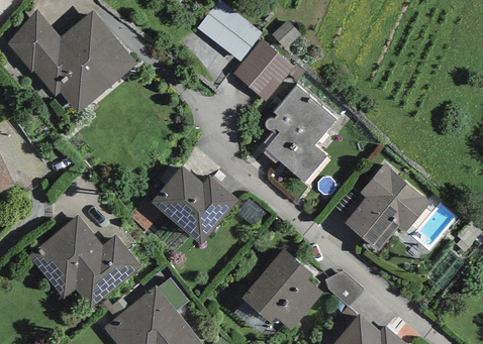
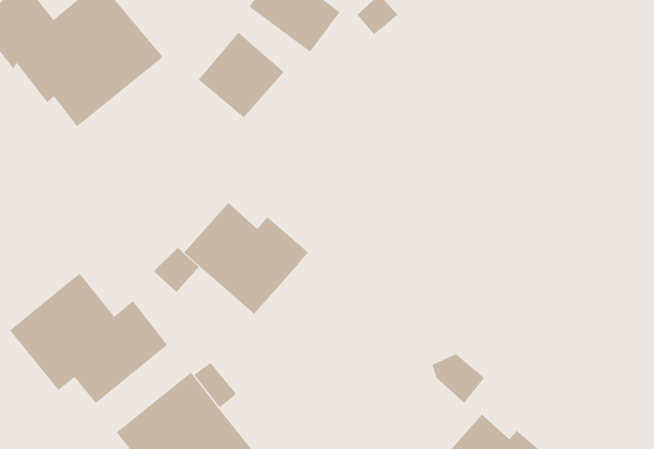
building: [233,39,294,100] -> [198,32,284,118]
building: [265,86,335,183] -> none
building: [344,162,429,250] -> none
building: [242,247,322,330] -> none

